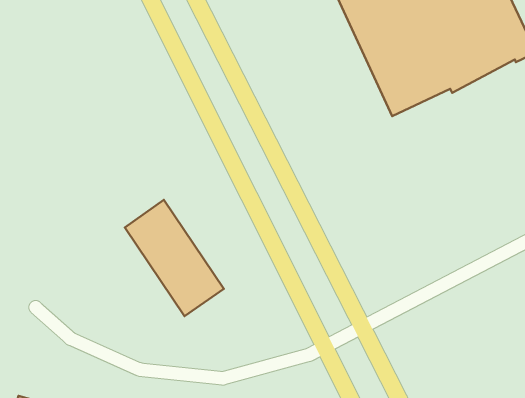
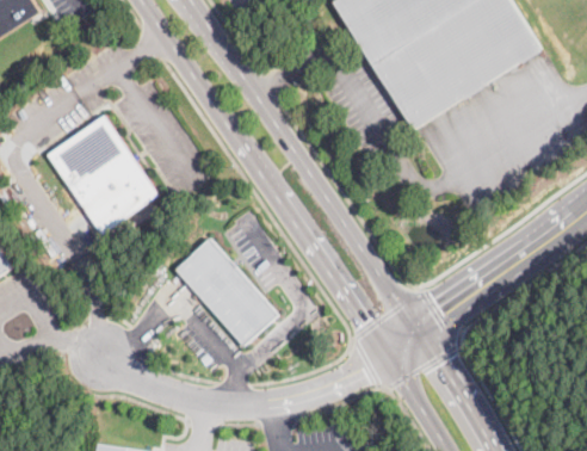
building: none -> [45,115,159,234]

